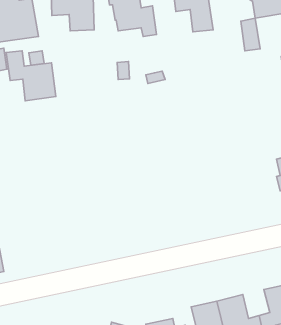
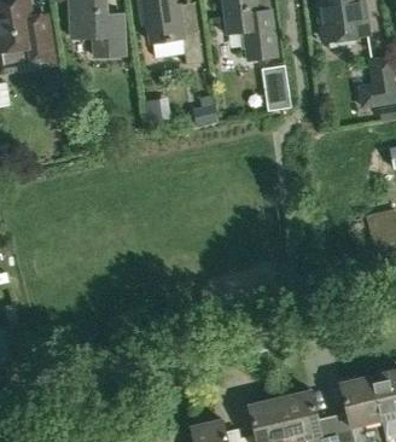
building: [241,18,260,51] -> [264,68,289,109]
building: [6,51,56,101] -> none

